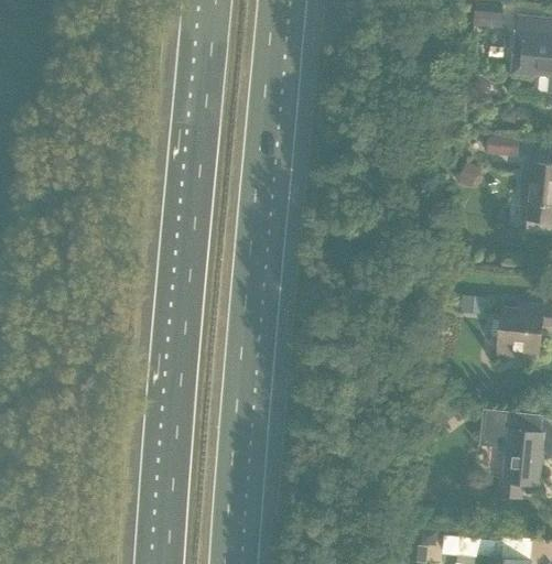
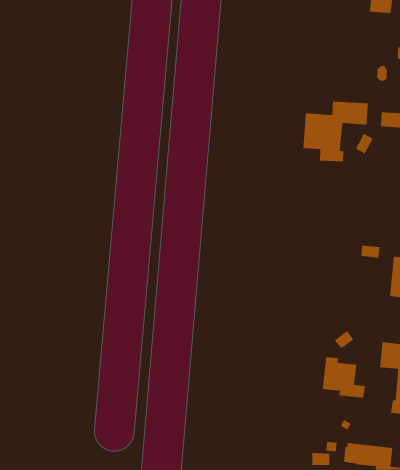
building: none -> [303,101,369,162]
building: none -> [322,357,366,399]

